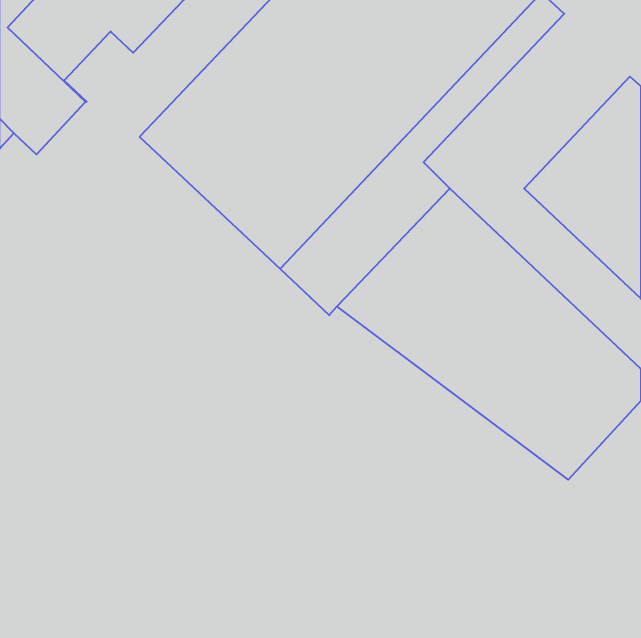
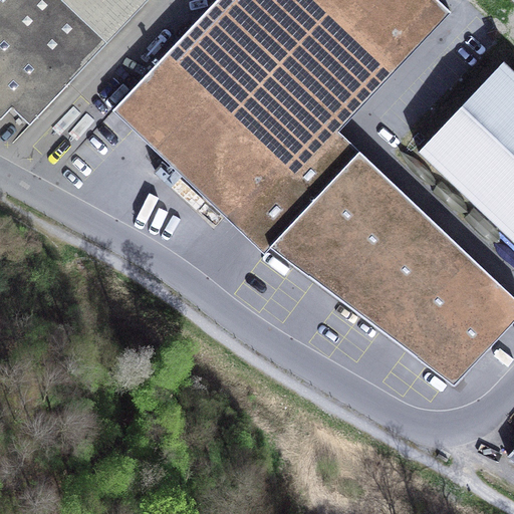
building: none -> [51,25,106,81]

